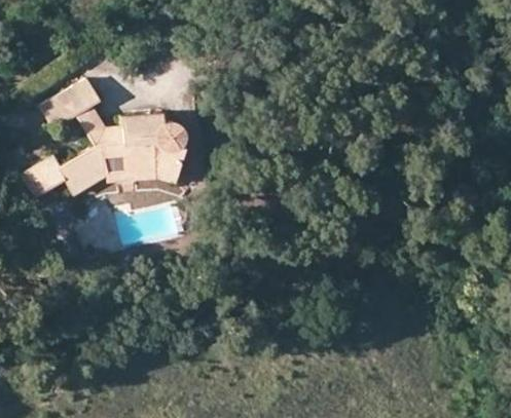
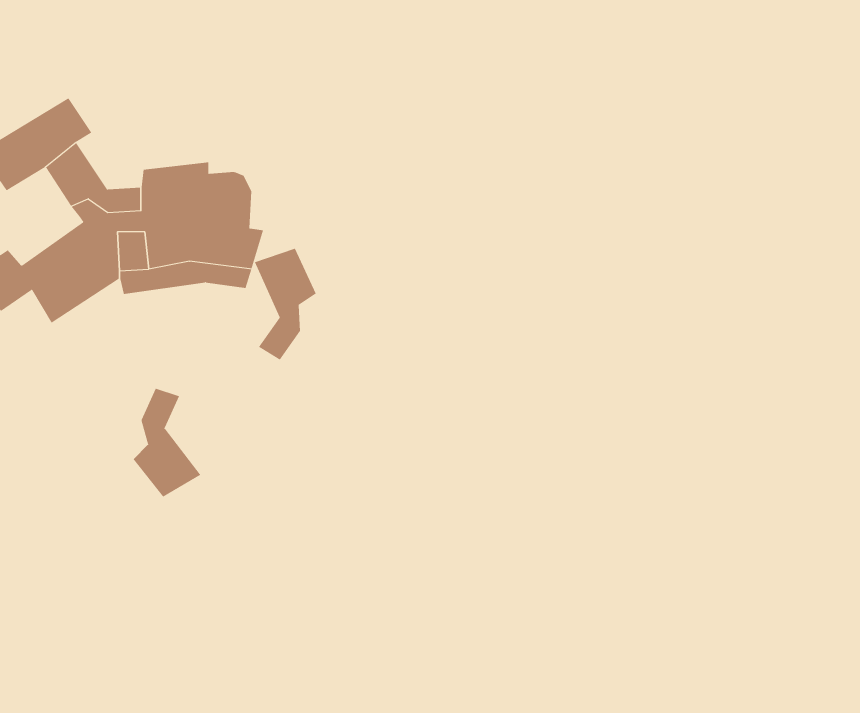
building: none -> [254,248,316,361]
building: none -> [133,388,201,498]

